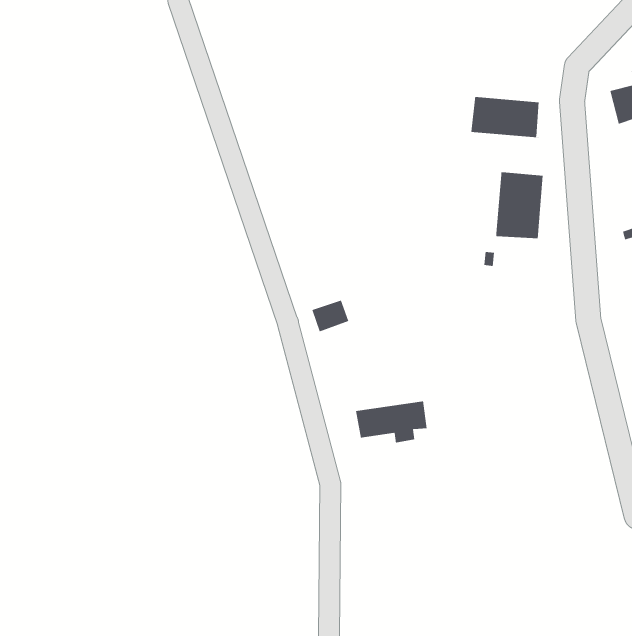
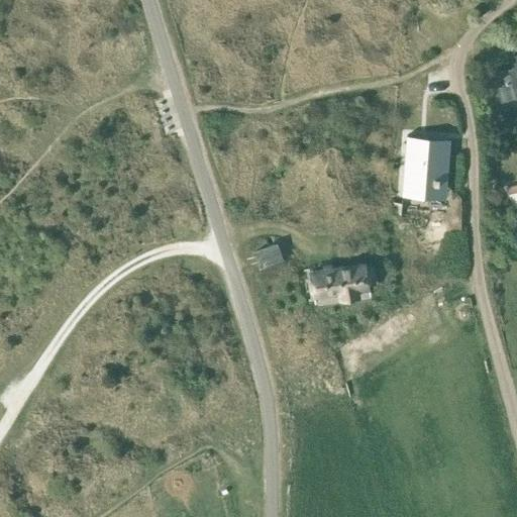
building: [466,96,542,138] -> none
building: [355,401,428,443] -> [313,266,372,300]

